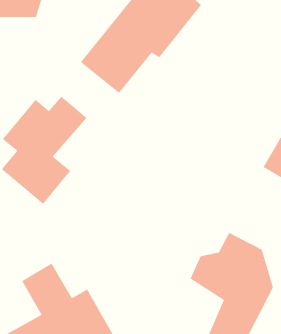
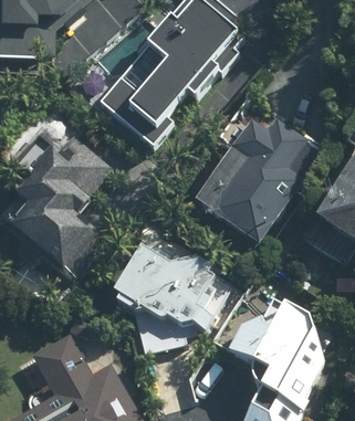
building: none -> [196,118,323,245]
building: none -> [116,250,210,330]

